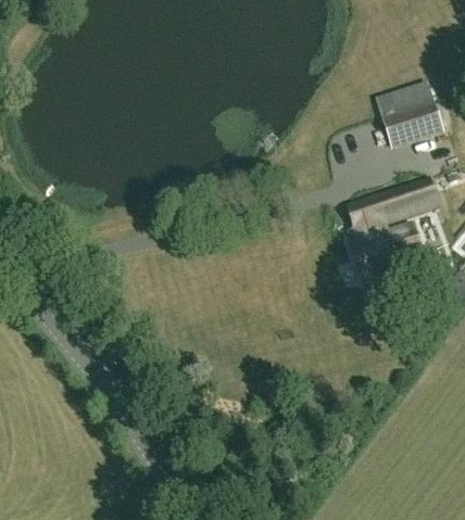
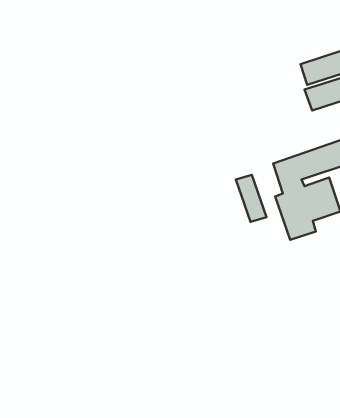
building: none -> [236,175,267,222]

